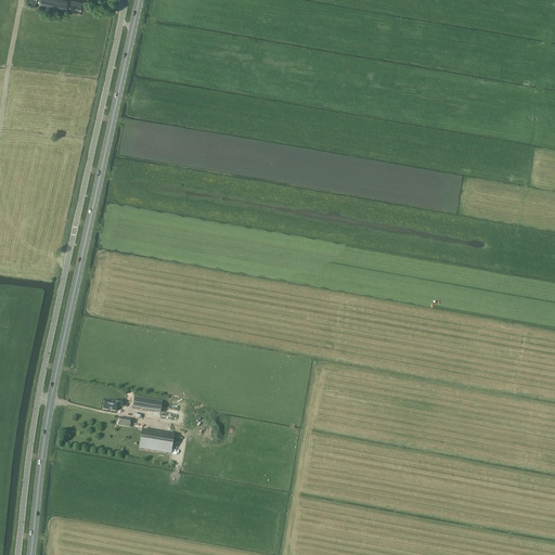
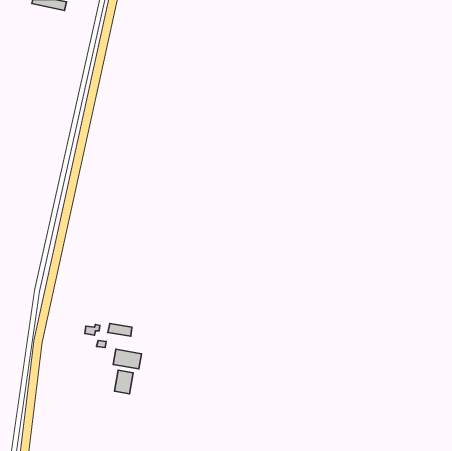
building: none -> [114,370,133,394]

